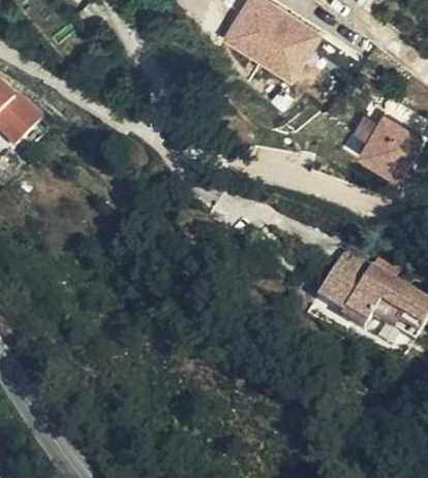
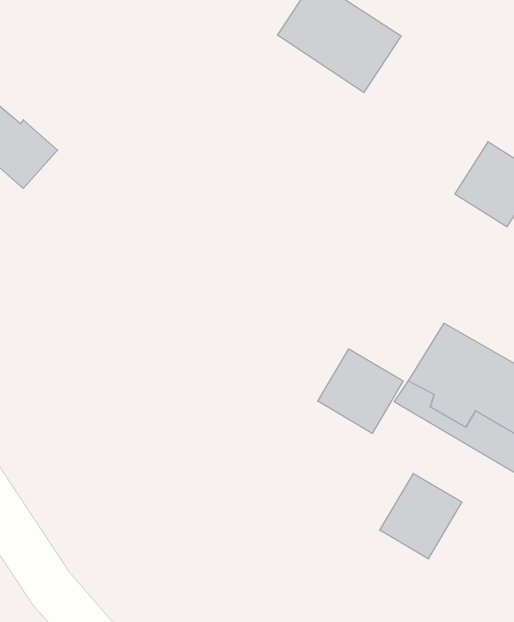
building: none -> [318,349,403,433]
building: none -> [380,473,462,559]

